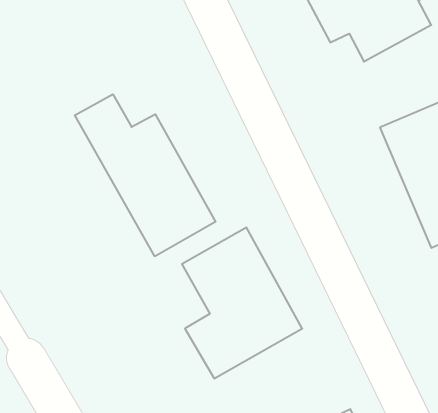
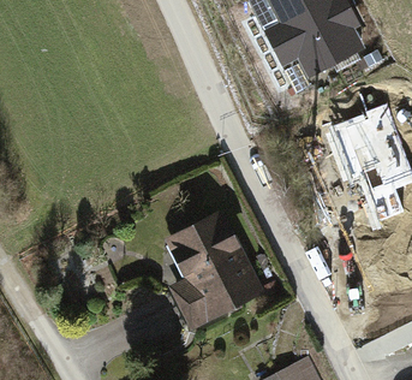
building: [75,94,216,256] -> none

